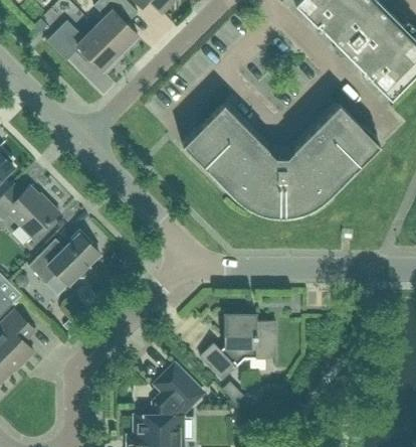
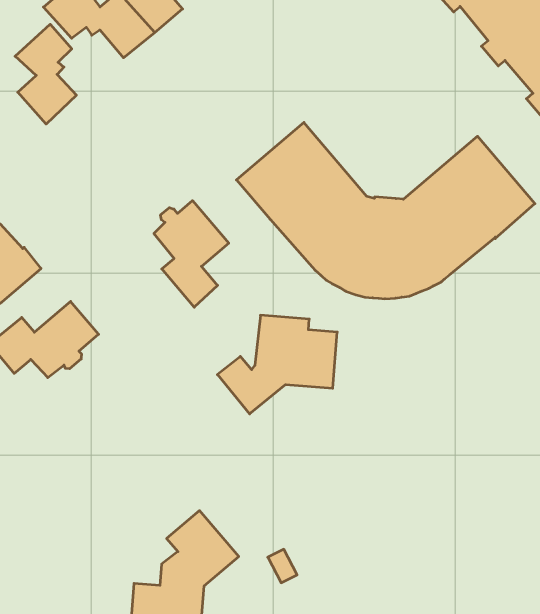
building: none -> [15,24,76,124]
building: none -> [154,201,229,307]
building: [199,314,275,380] -> [217,315,337,414]

